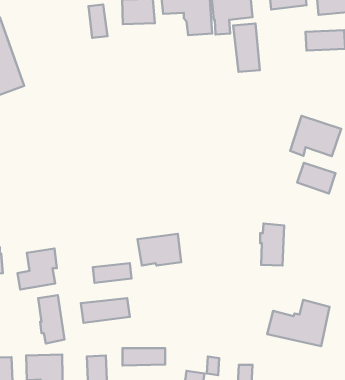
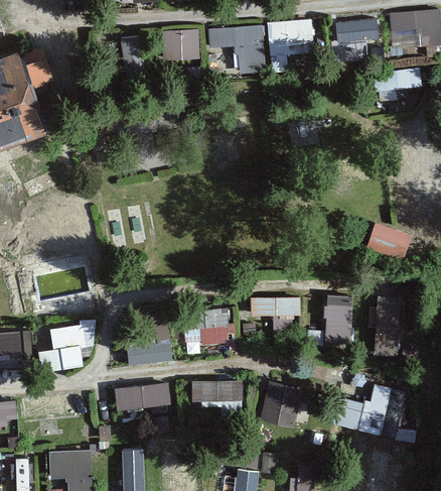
building: [233,23,260,72] -> none
building: [290,116,341,156] -> none
building: none -> [251,296,301,332]
building: none -> [373,297,407,357]
building: [38,295,65,343] -> none
building: none -> [261,381,302,428]
building: [122,348,165,365] -> [192,381,243,401]

